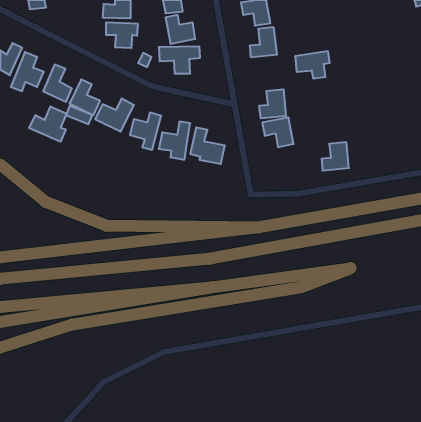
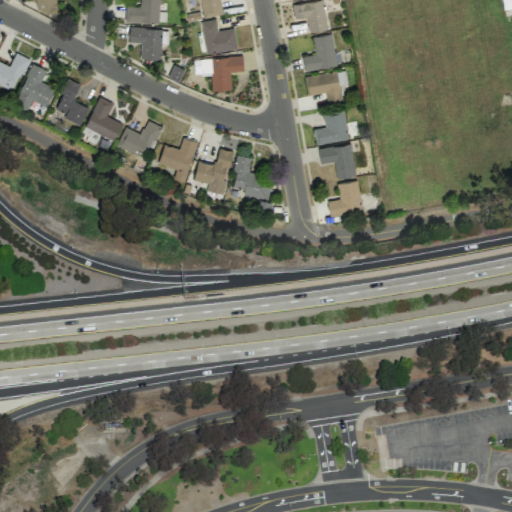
building: [295,51,330,79] -> [306,70,348,103]
building: [29,106,67,142] -> none
building: [322,142,349,170] -> [329,181,362,215]

